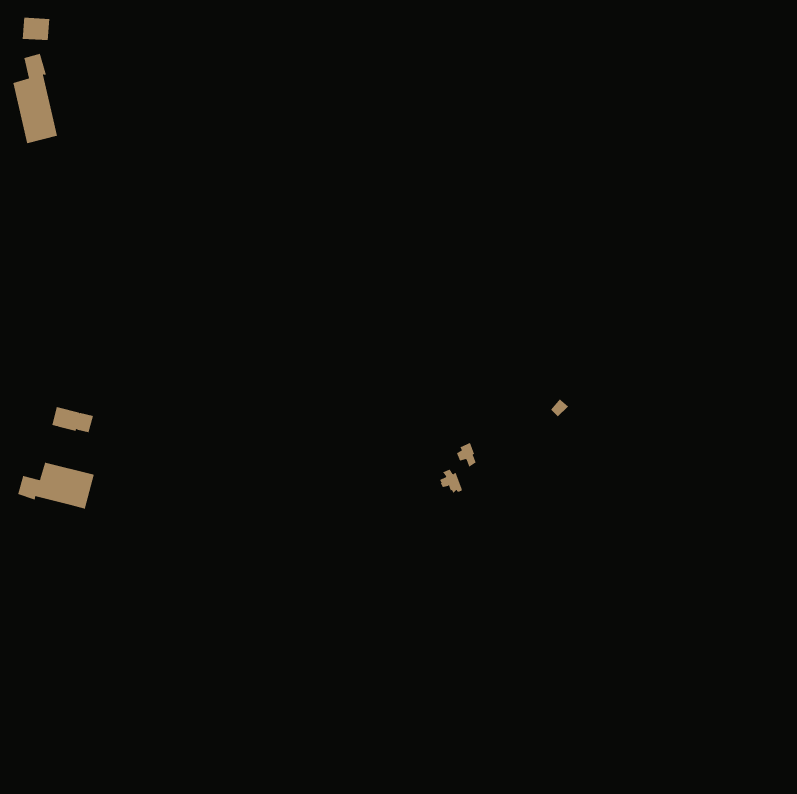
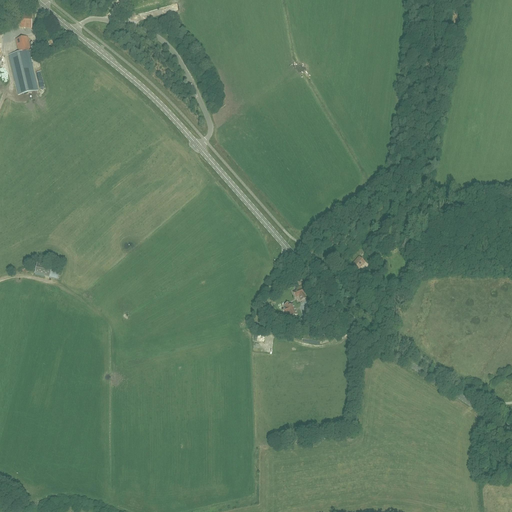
building: [18,462,95,509] -> none

